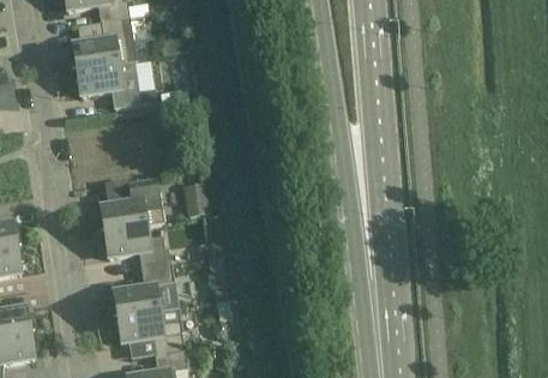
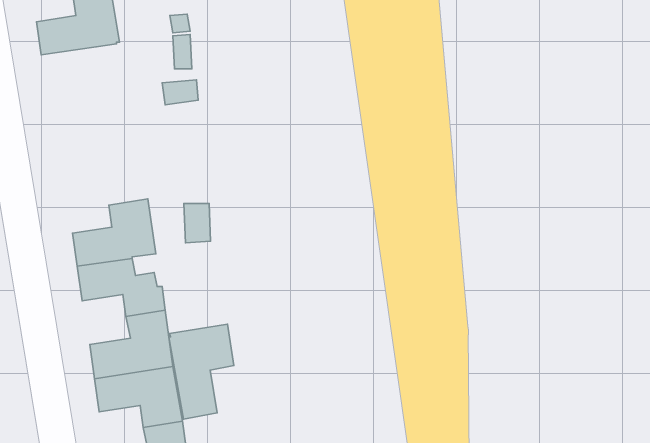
building: [76,60,140,106] -> none
building: none -> [169,324,234,419]

